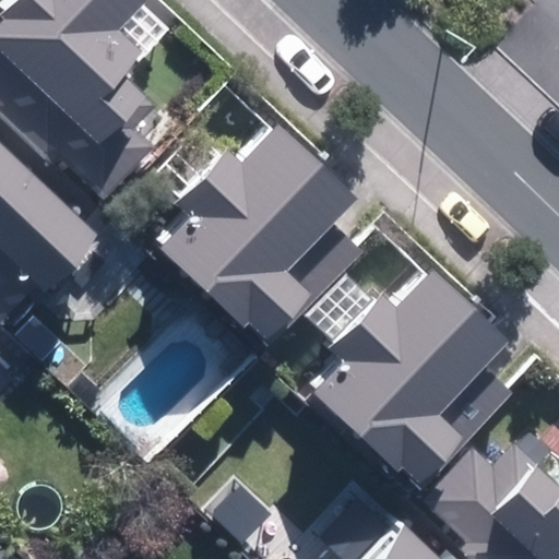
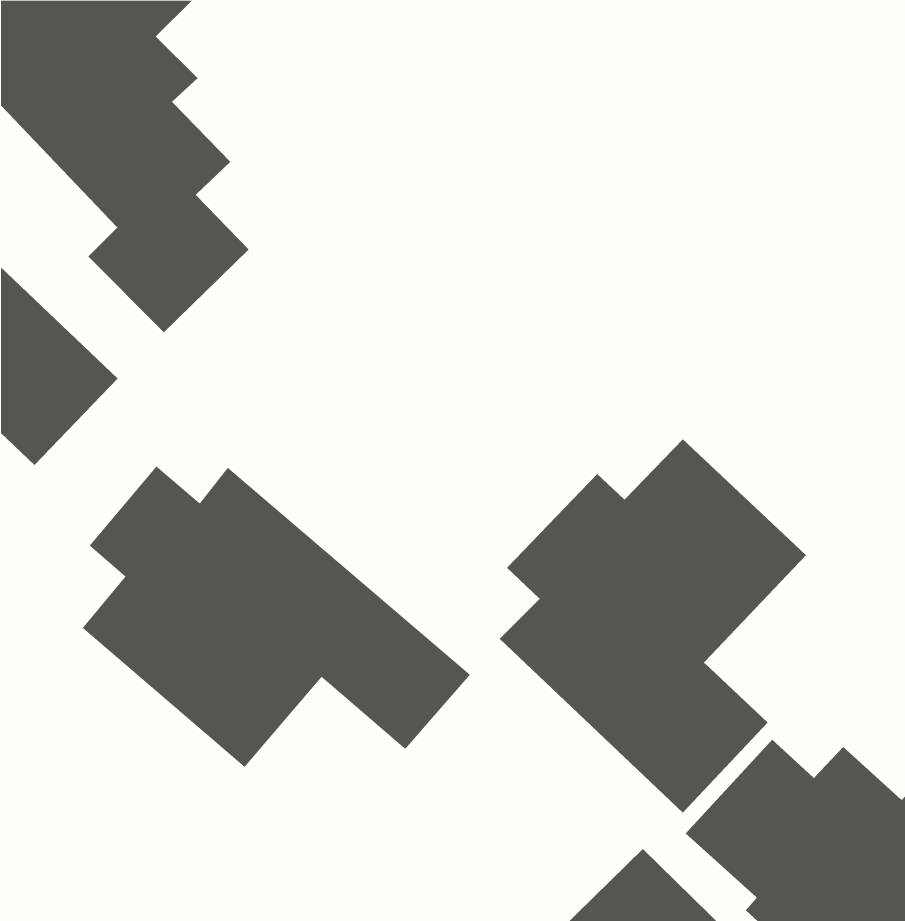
building: [166,119,355,345] -> none
building: none -> [82,465,471,768]

